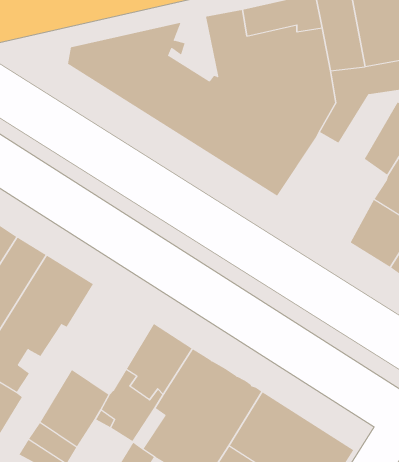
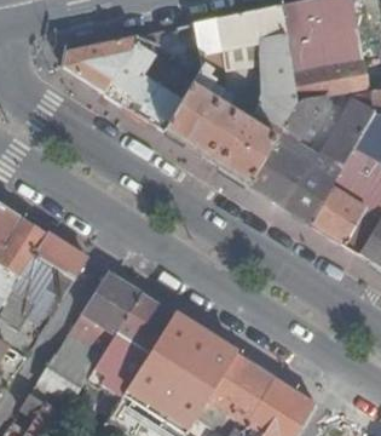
building: none -> [248,131,342,222]
building: none -> [71,270,140,350]

